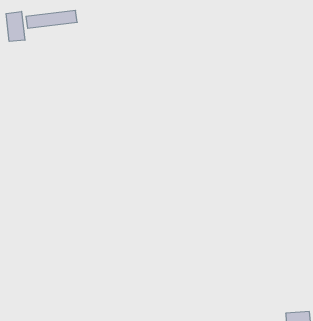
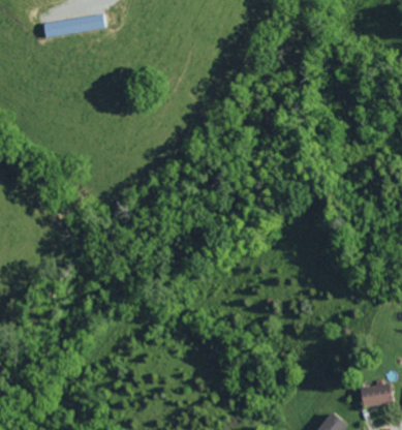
building: [6,11,25,41] -> none

